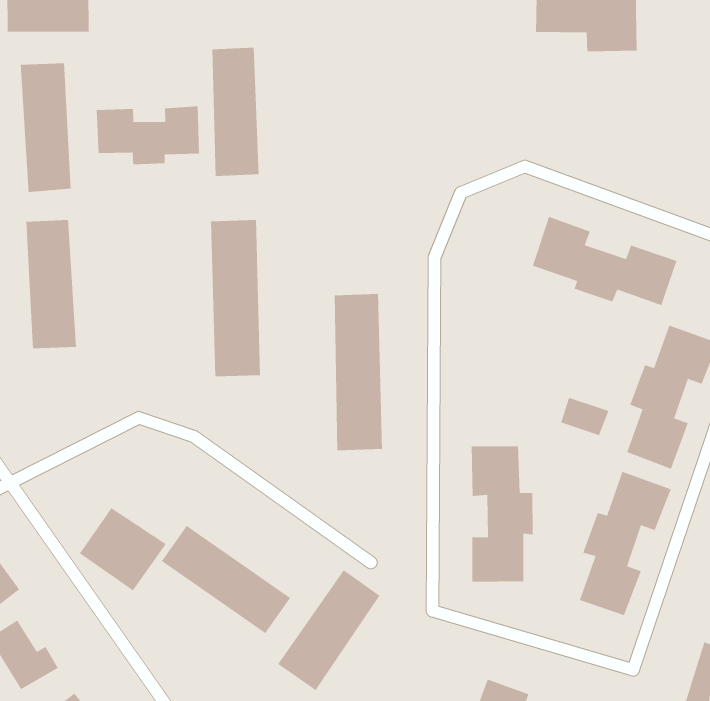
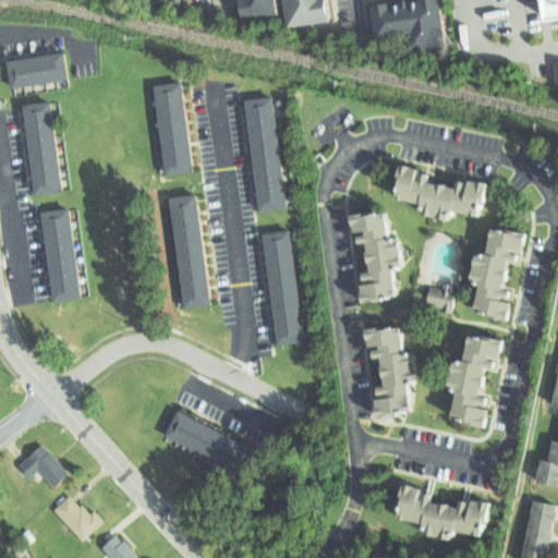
building: none -> [240,95,288,206]
building: [96,106,200,165] -> none
building: none -> [350,207,401,304]
building: [79,507,167,591] -> none
building: [277,569,381,691] -> none

